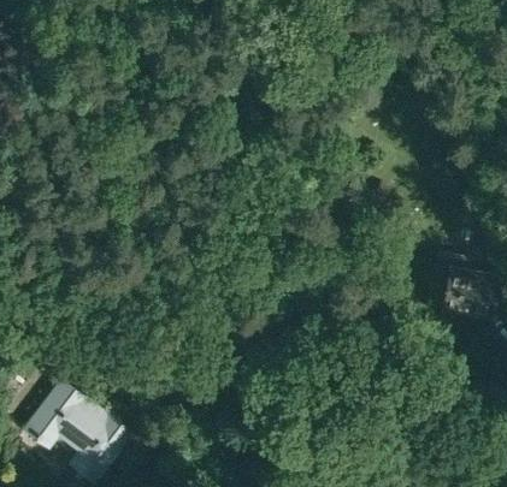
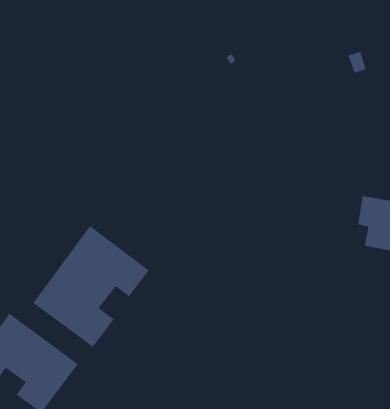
building: none -> [32,225,149,348]

